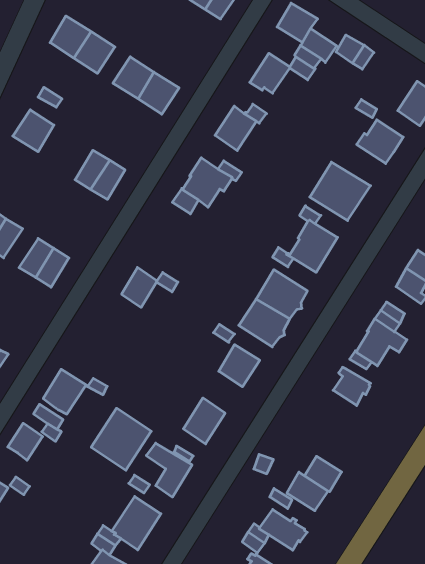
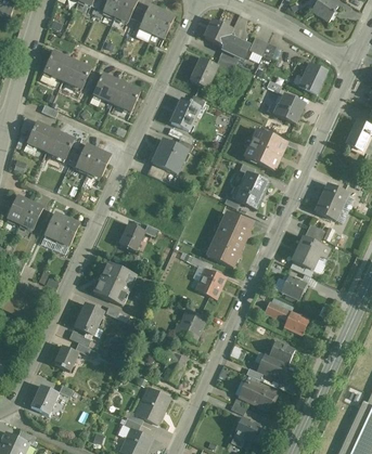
building: none -> [46,129,74,158]
building: none -> [270,303,307,334]
building: [91,408,151,470] -> [93,261,134,304]

